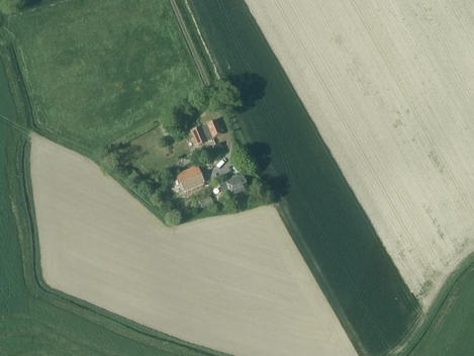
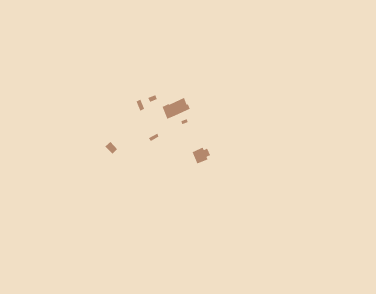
building: [175,165,203,192] -> none

